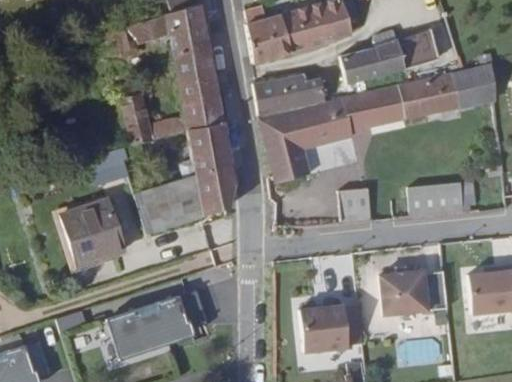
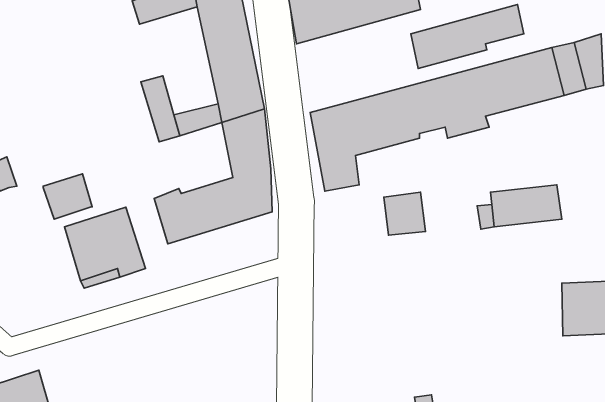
building: [253,70,332,115] -> none
building: [90,151,130,188] -> [43,174,92,219]
building: [378,264,446,304] -> none
building: [103,282,206,352] -> none
building: [300,299,364,347] -> none

